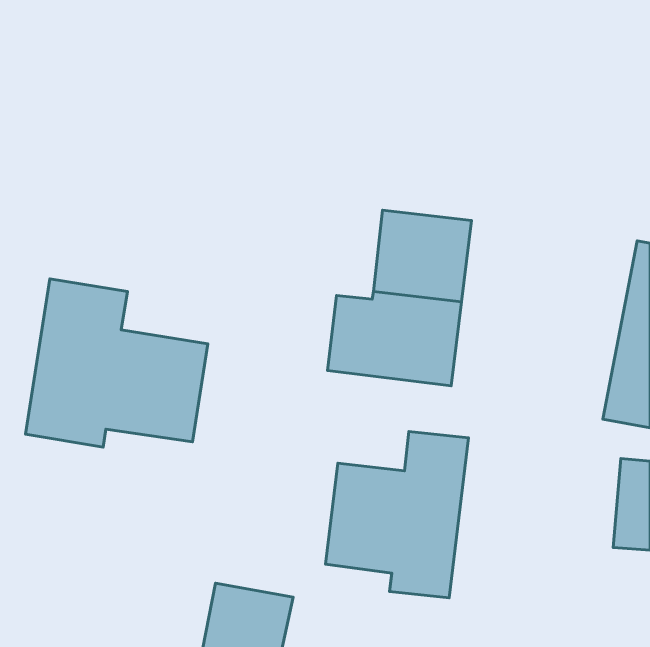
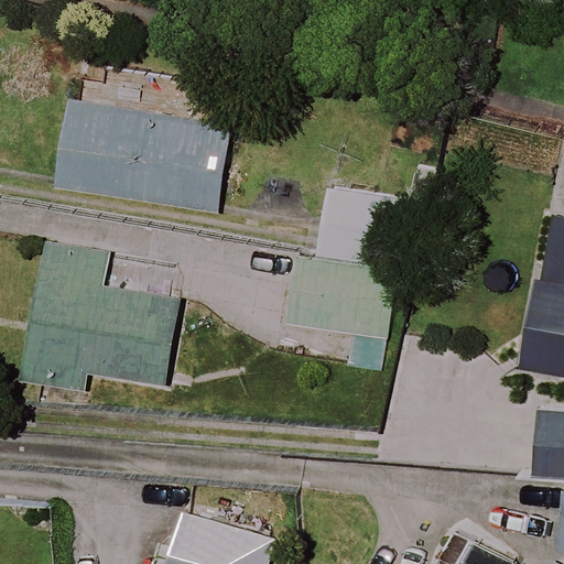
building: none -> [56,102,230,213]
building: [326,431,469,598] -> none

